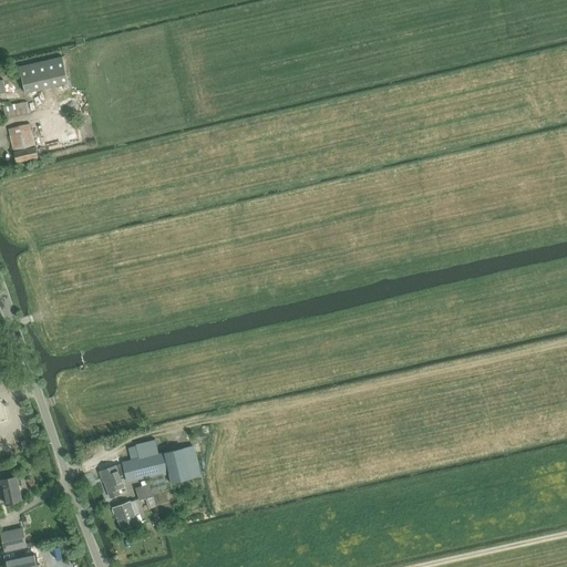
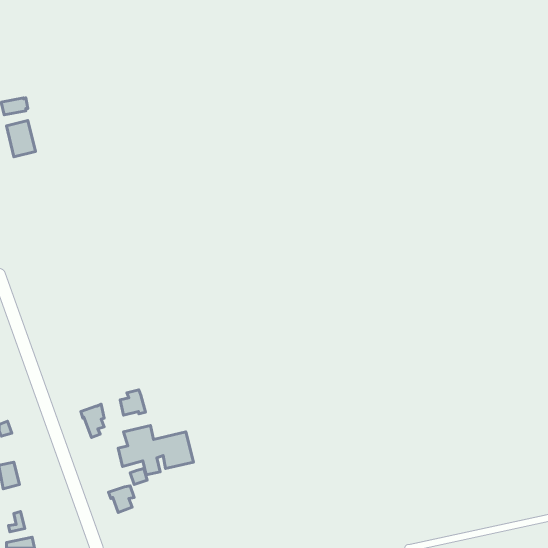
building: [19,56,68,92] -> none
building: none -> [120,390,145,415]
building: [99,463,123,497] -> [81,404,104,437]

